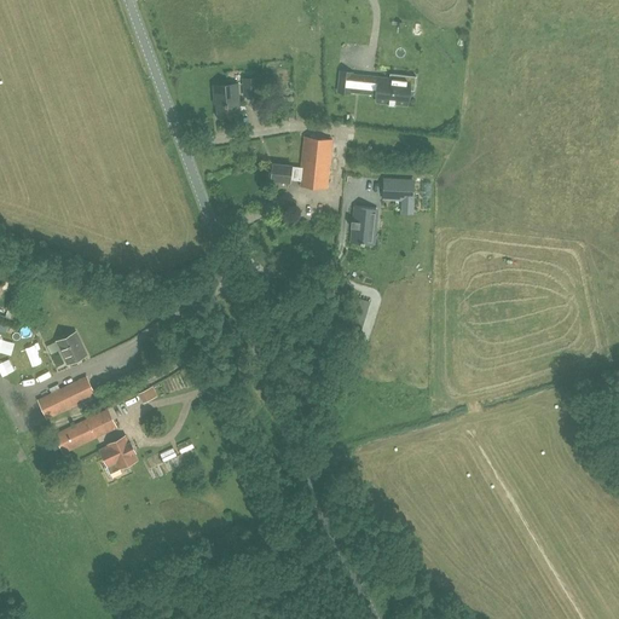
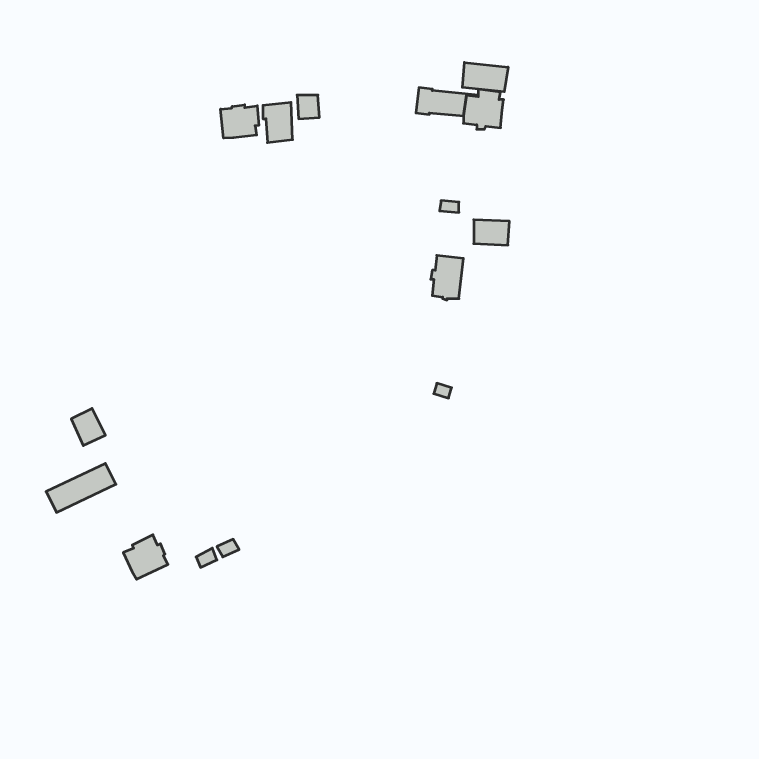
building: none -> [462,62,508,92]
building: none -> [221,105,259,138]
building: [268,137,331,189] -> none
building: [54,410,116,452] -> none

